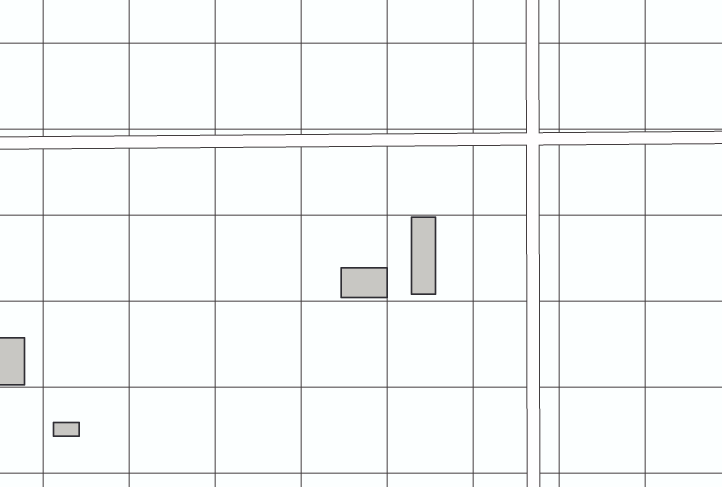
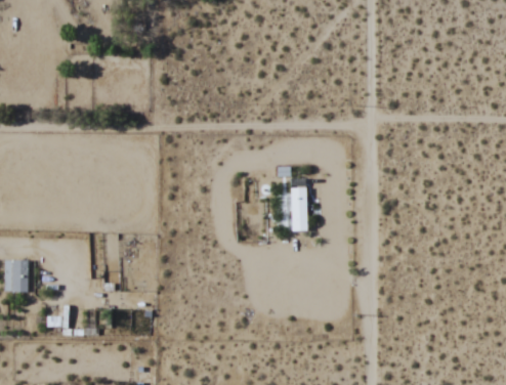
building: [341,268,387,298] -> none

